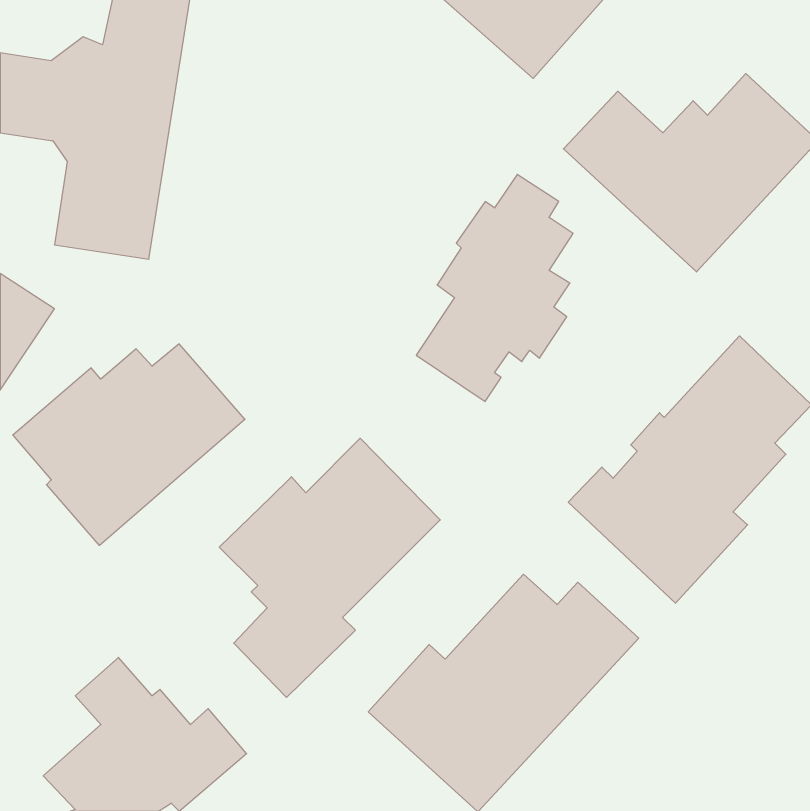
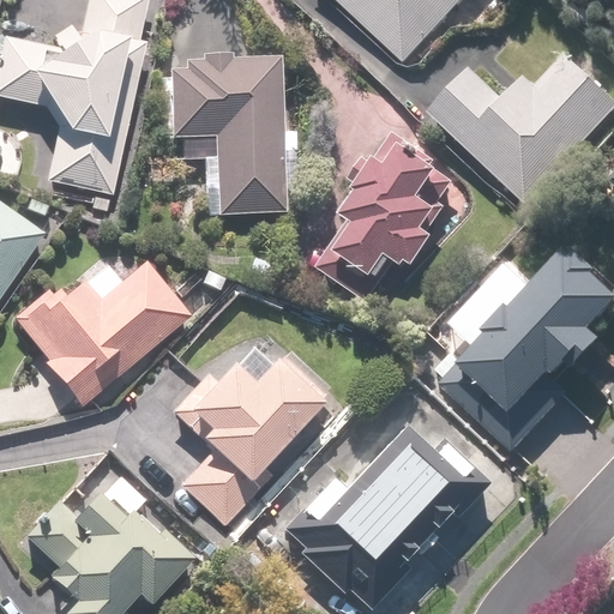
building: none -> [165,59,279,215]

